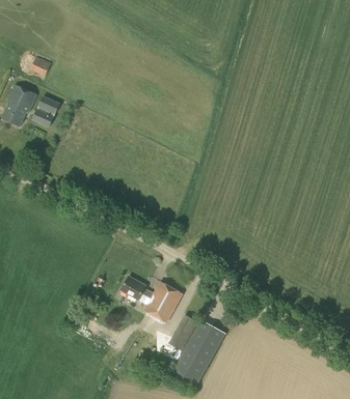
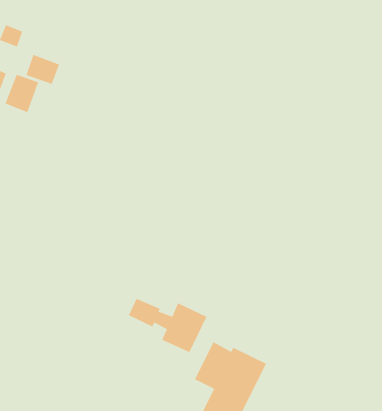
building: none -> [26,54,60,85]

